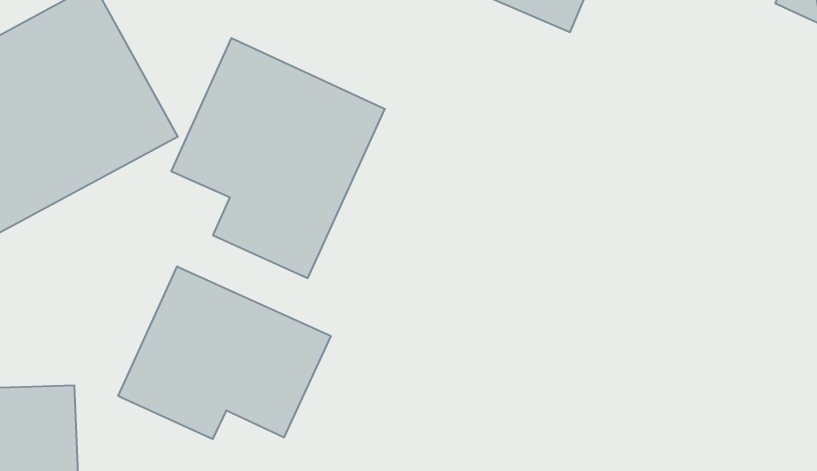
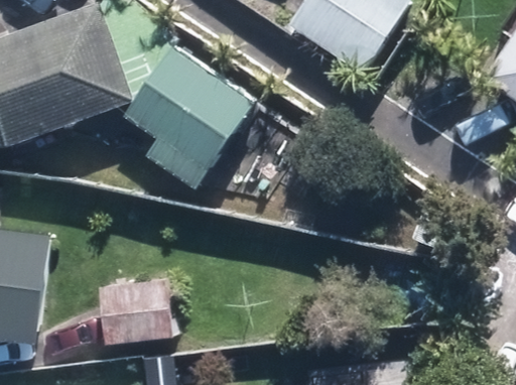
building: [118,266,331,439] -> none

